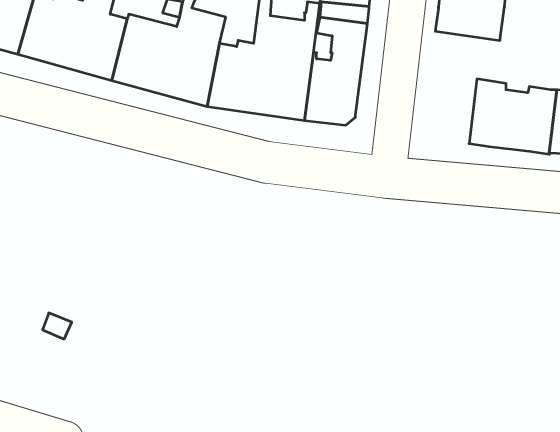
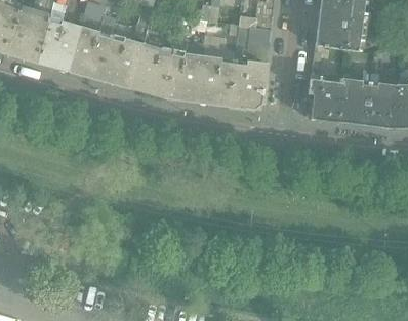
building: none -> [310,77,343,121]

